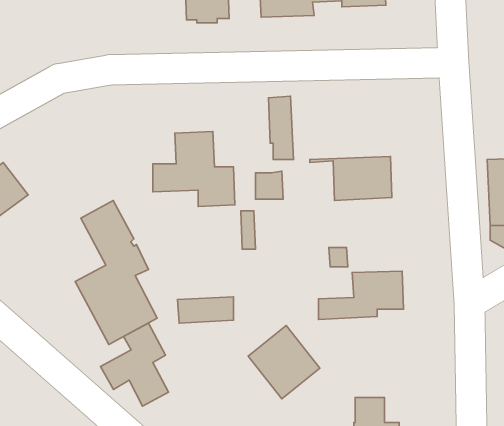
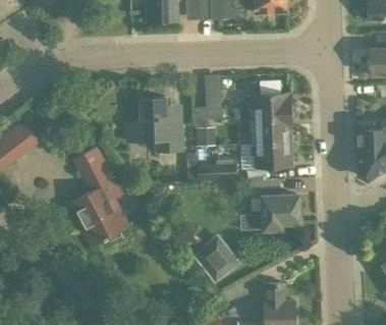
building: none -> [233,94,289,118]
building: none -> [251,145,290,167]
building: [178,297,233,323] -> [197,163,235,181]
building: [100,323,169,406] -> none

